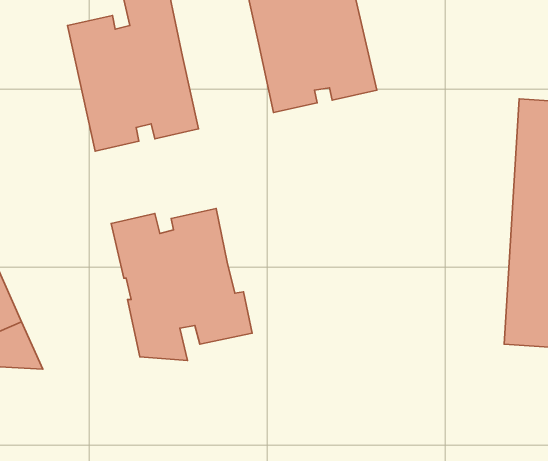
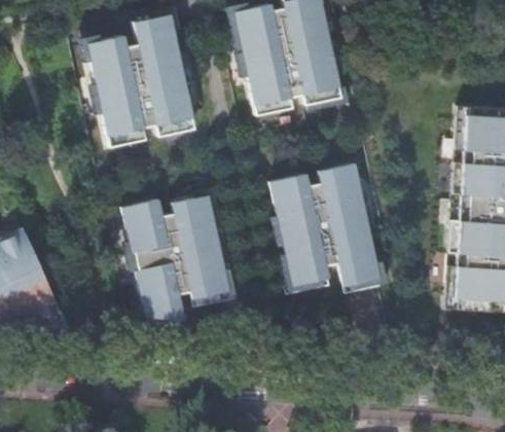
building: none -> [270,164,381,295]

